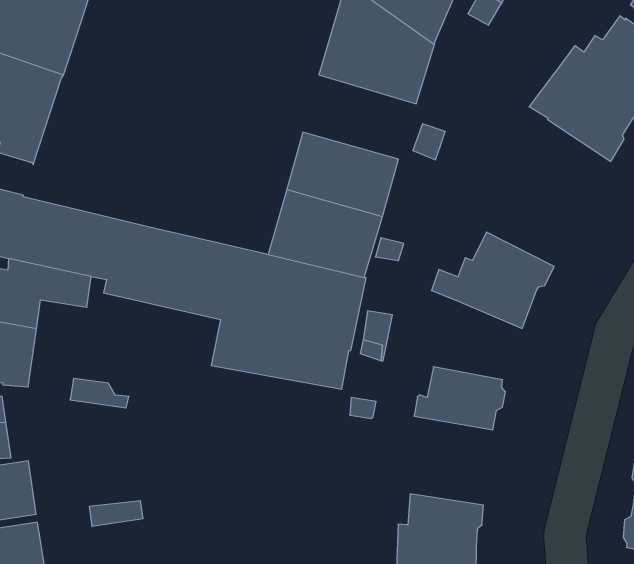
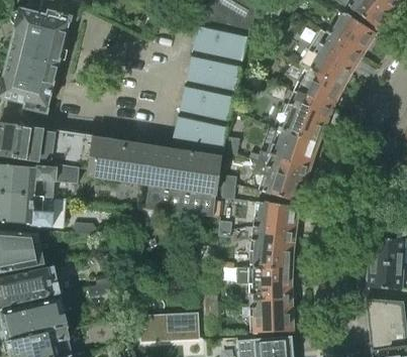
building: none -> [184,54,241,95]
building: none -> [283,66,344,144]
building: none -> [253,161,305,202]
building: none -> [249,227,294,270]

